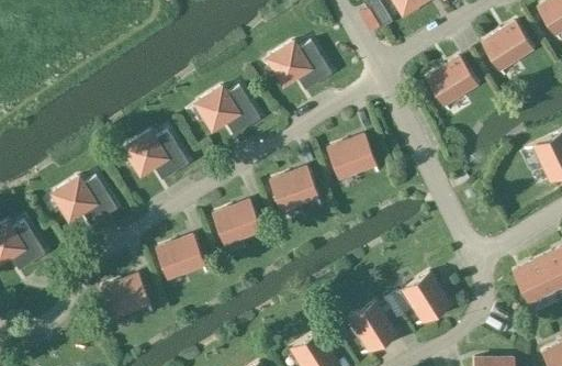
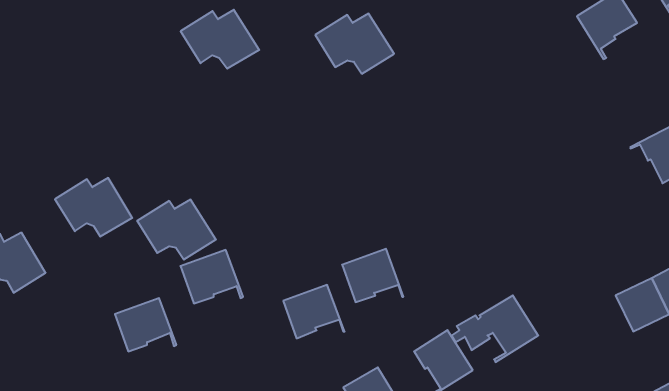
building: [427,57,475,113] -> none
building: [195,86,260,134] -> [181,10,259,69]
building: [124,131,189,180] -> [137,200,216,260]
building: [328,135,379,179] -> none
building: [270,167,321,211] -> [342,249,403,302]
building: [213,201,263,245] -> [283,285,345,338]

